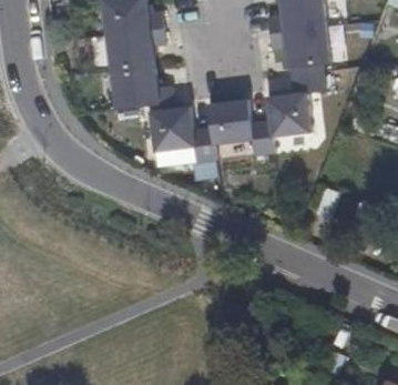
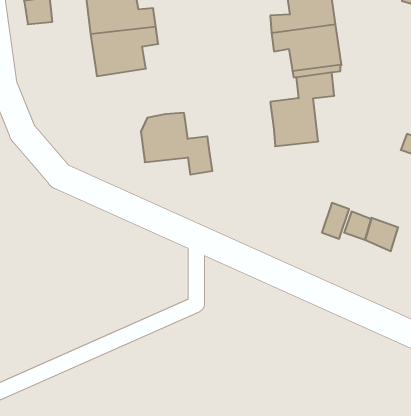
building: [111,65,175,110] -> none
building: [208,98,274,153] -> none

